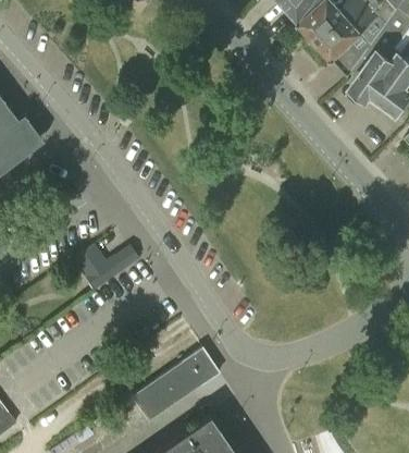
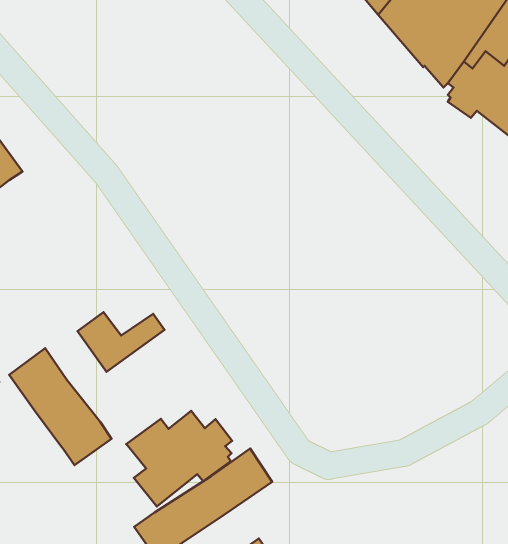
building: none -> [9,348,112,465]
building: none -> [126,411,232,506]

